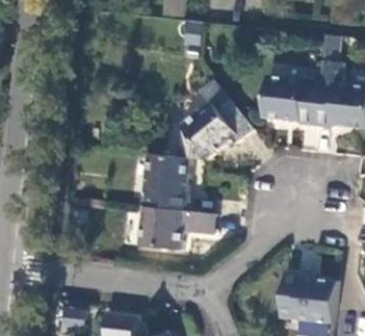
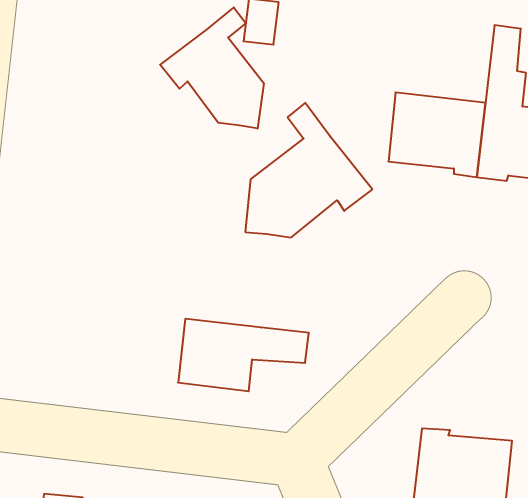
building: none -> [160,7,264,129]
building: [144,152,191,211] -> none

